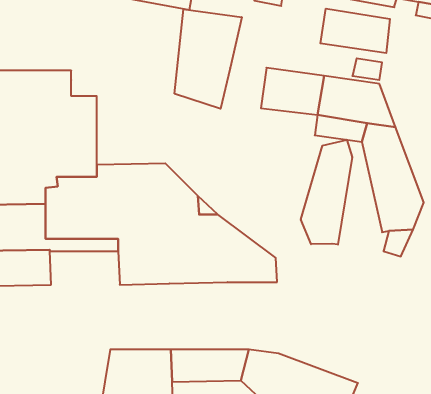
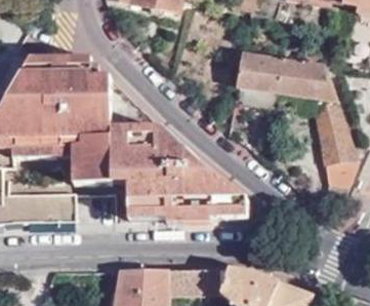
building: [320,9,390,53] -> none
building: [175,9,242,109] -> none
building: [301,140,352,245] -> none

